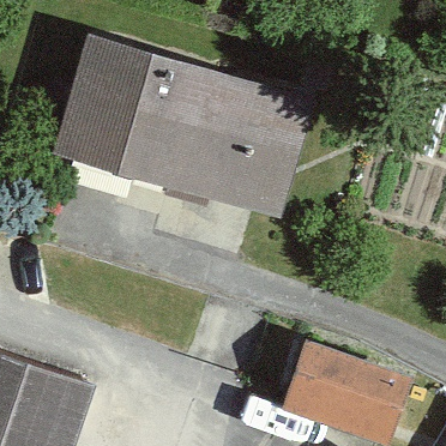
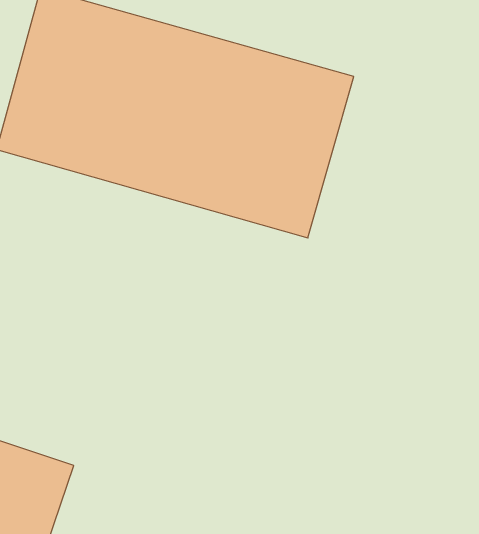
building: [267,339,397,434] -> none

